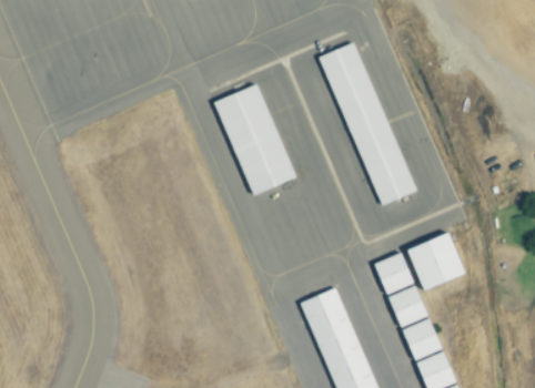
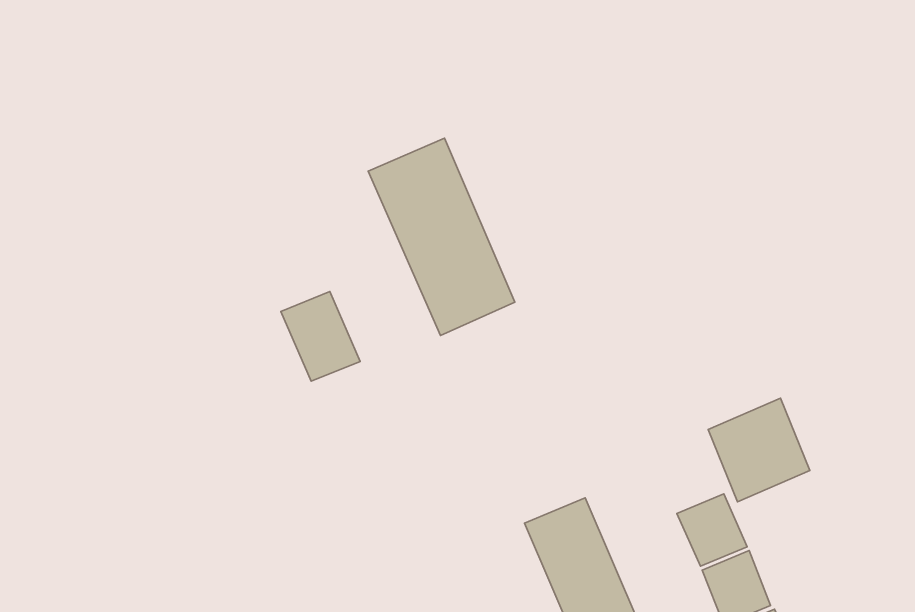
building: [319,43,416,205] -> none
building: none -> [281,291,360,381]
building: [373,253,413,295] -> none

